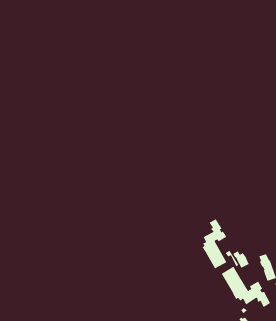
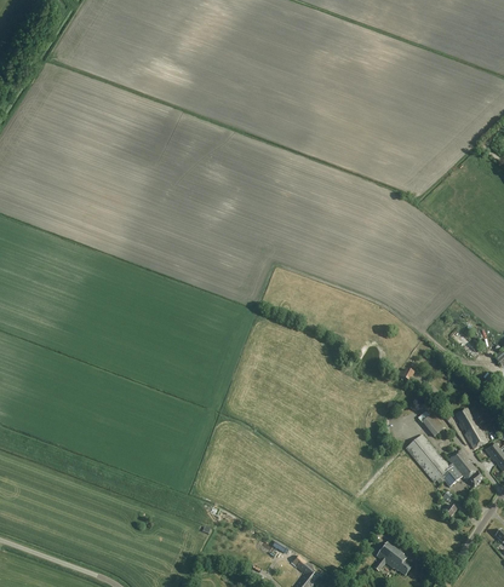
building: [202,219,227,269] -> none

